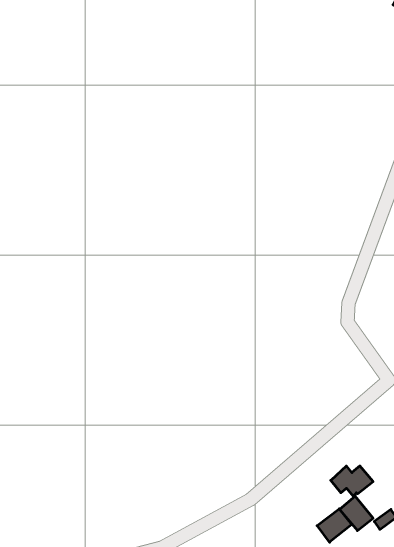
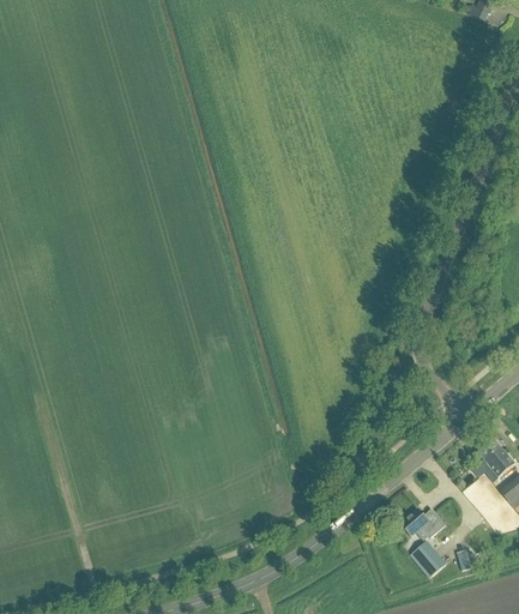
building: [317,509,352,542] -> none

